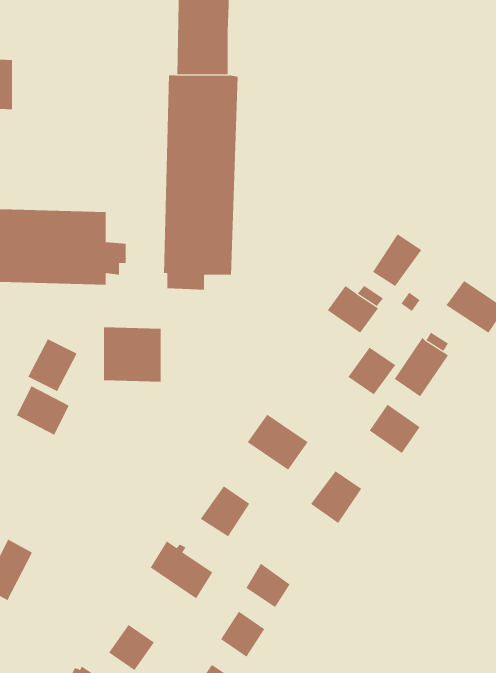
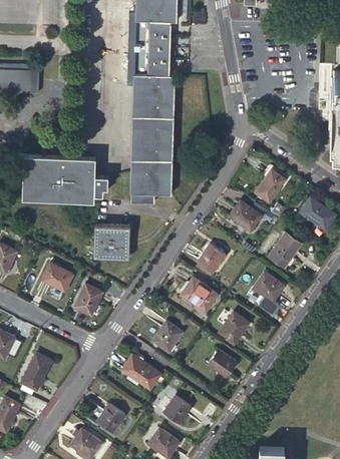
building: [27,338,77,392] -> [73,284,103,316]
building: [348,347,396,395] -> [196,244,225,273]
building: [245,563,290,608] -> [208,349,235,376]

